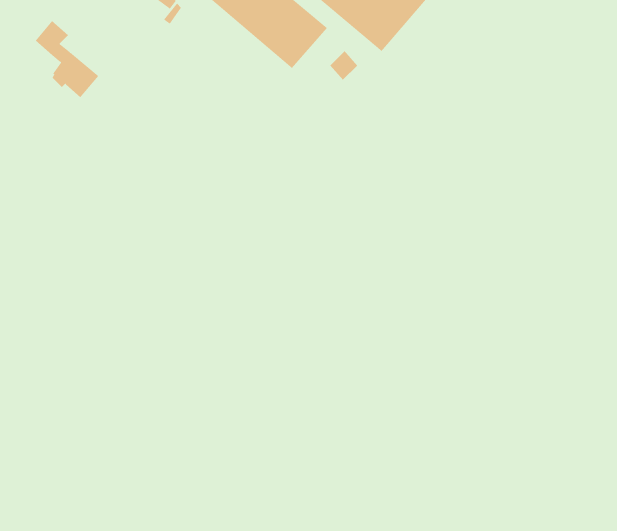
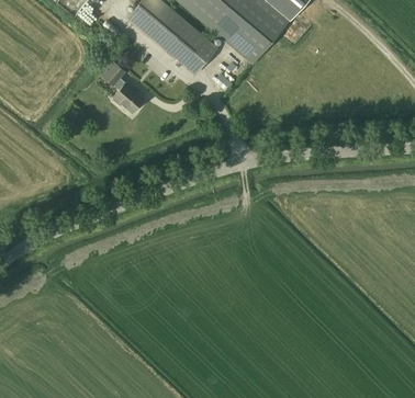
building: [35,20,99,98] -> [102,61,144,112]

